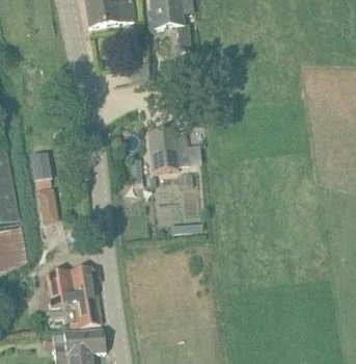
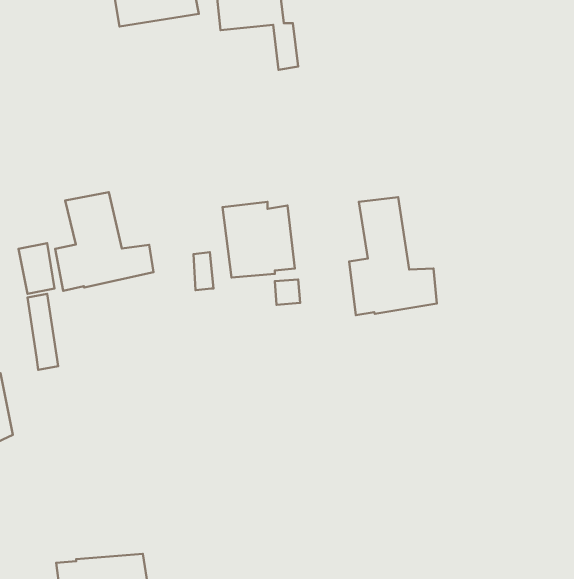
building: none -> [55,192,153,291]
building: none -> [349,197,437,315]
building: [47,264,102,327] -> none

